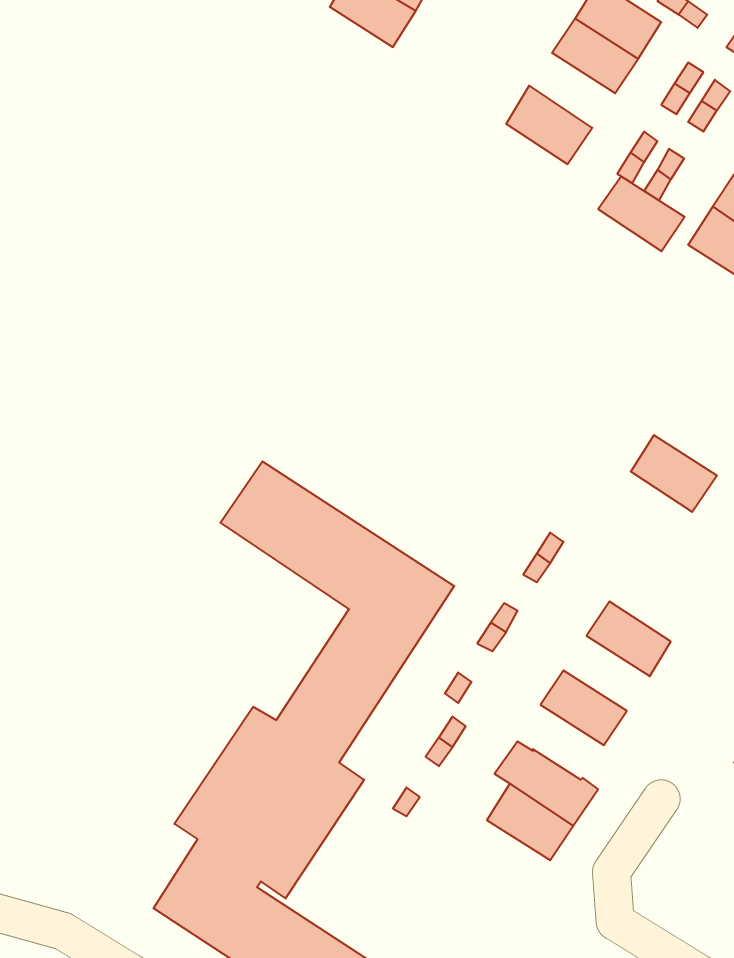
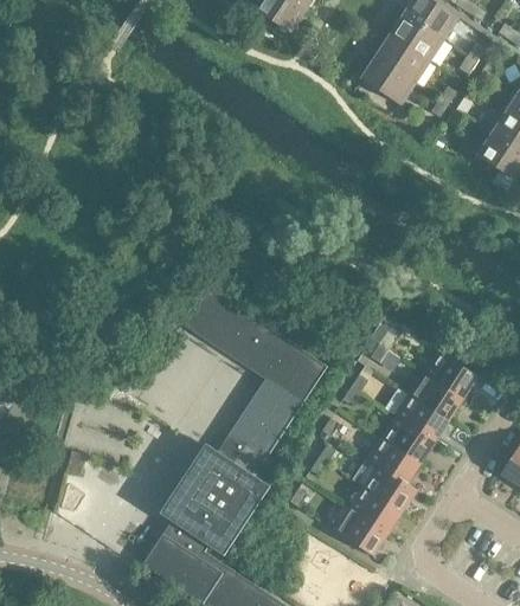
building: [598,177,685,251] -> [374,37,428,83]
building: [631,435,717,512] -> [424,353,477,400]
building: none -> [396,397,449,443]
building: none -> [367,439,421,485]
building: none -> [326,510,387,557]

